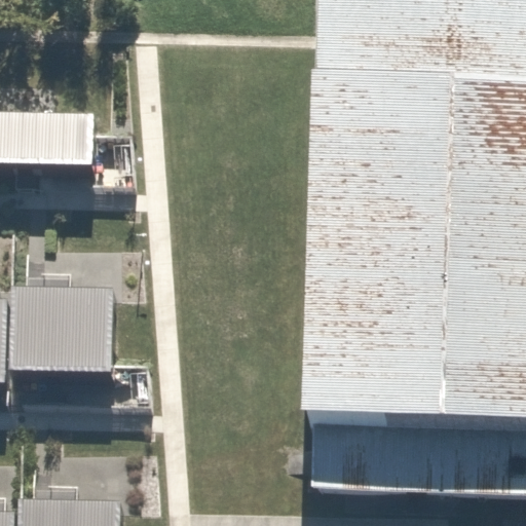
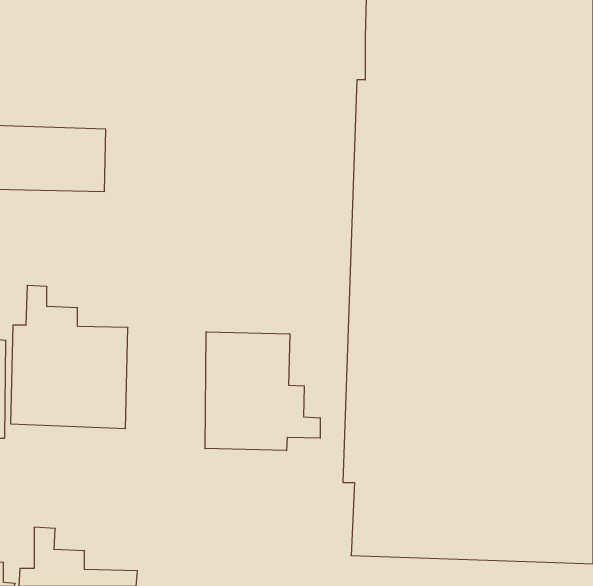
building: none -> [205,332,320,451]

